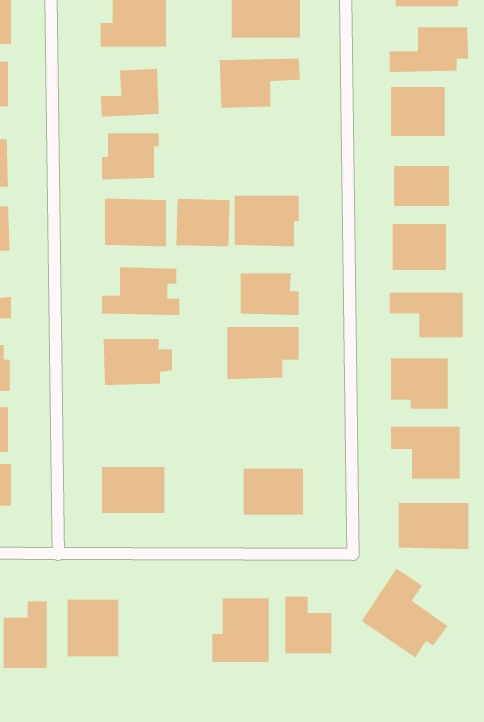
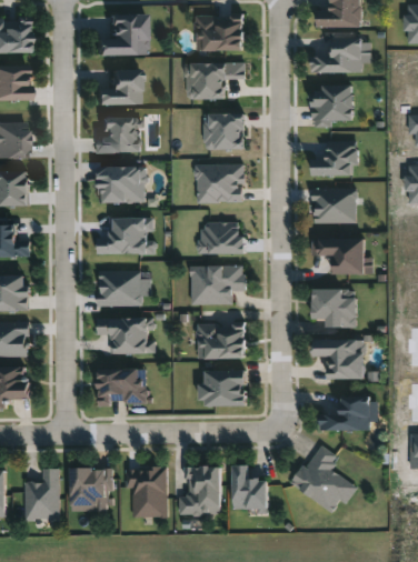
building: [175,198,231,247] -> [202,114,243,151]
building: none -> [98,319,156,355]
building: none -> [196,321,247,358]
building: none -> [125,466,165,515]

